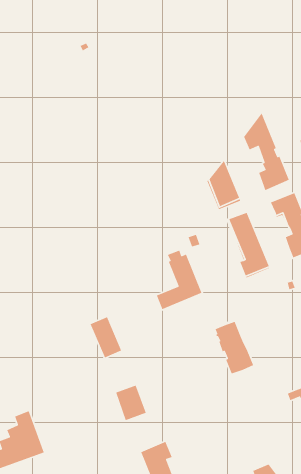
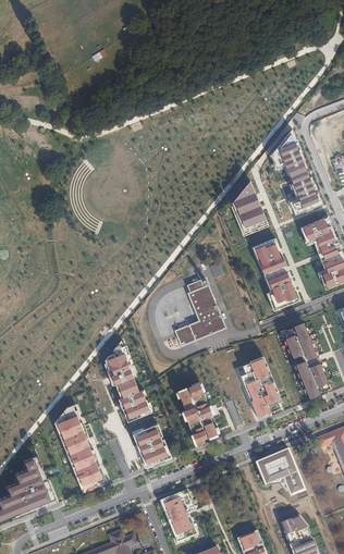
building: none -> [283,322,330,395]
building: none -> [171,382,219,445]
building: none -> [114,390,148,422]
building: none -> [53,415,100,487]
building: none -> [251,451,300,496]

